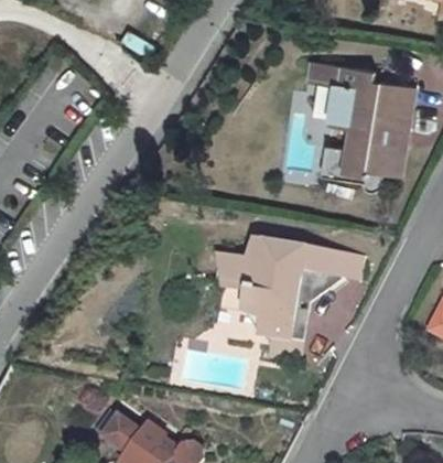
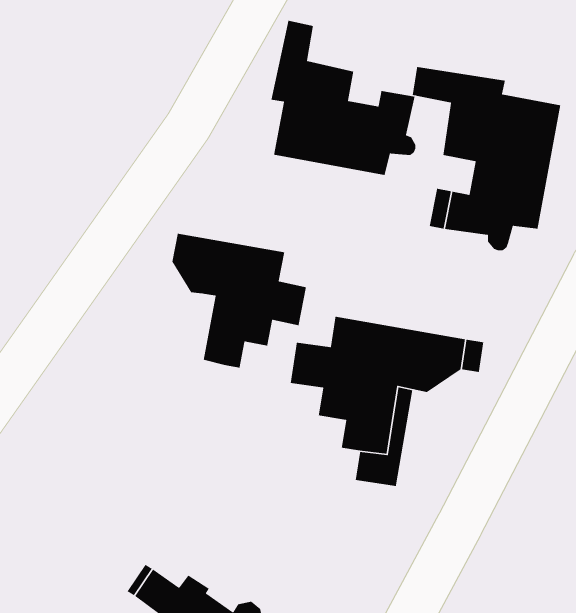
building: none -> [271,20,416,176]
building: none -> [171,233,307,369]

